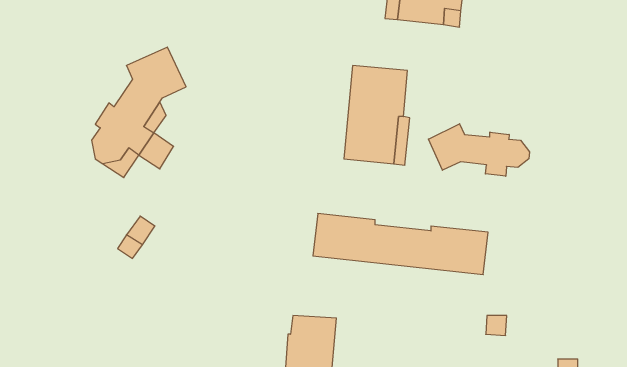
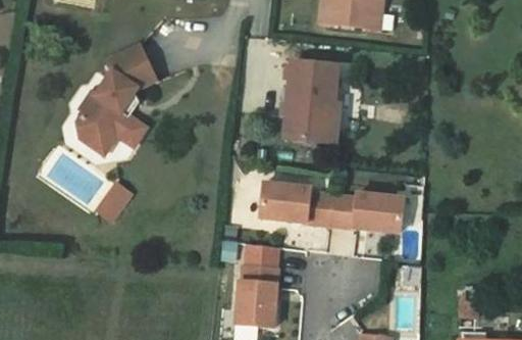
building: [428,124,529,176] -> none
building: none -> [243,243,279,269]

